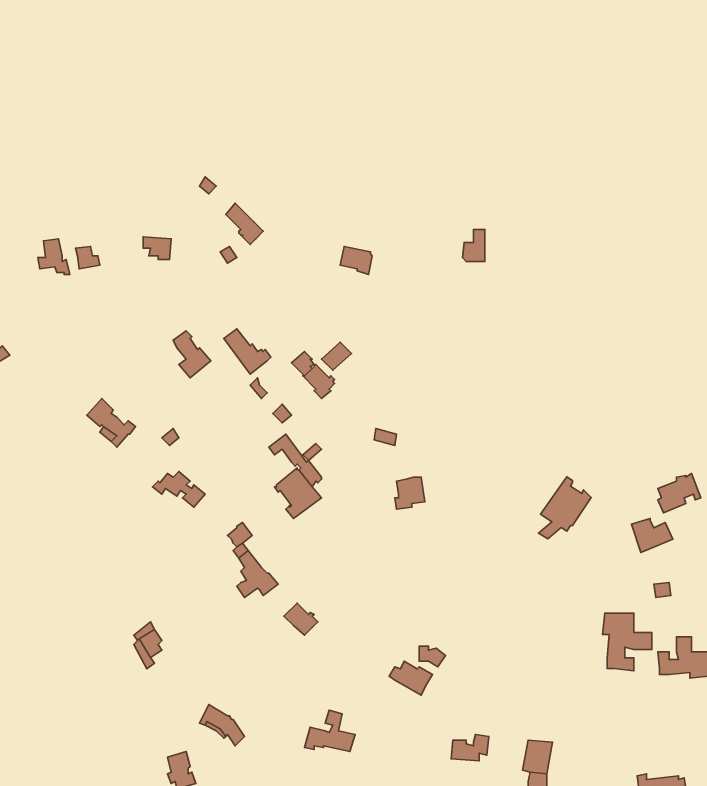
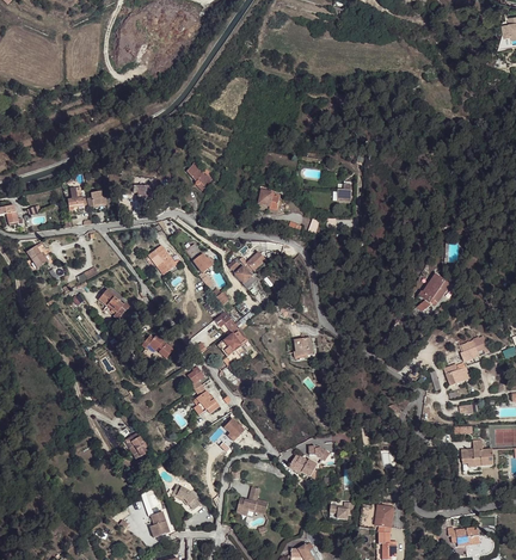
building: [539,477,591,539] -> [417,271,450,310]
building: [603,613,652,671] -> none

